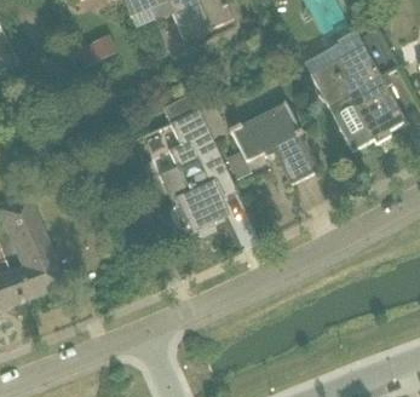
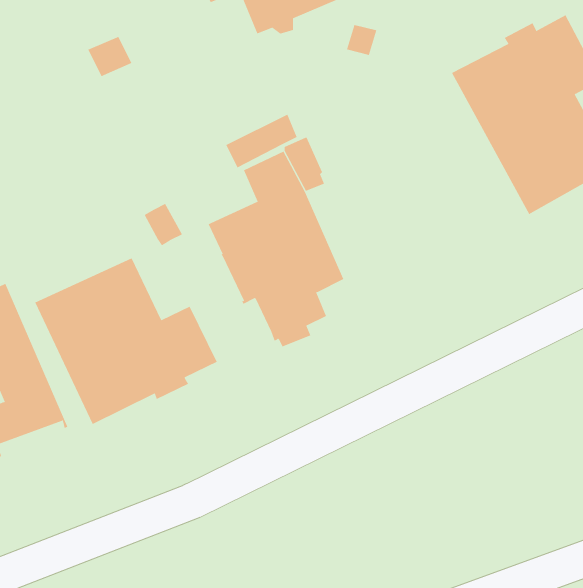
building: [231,102,316,183] -> none
building: none -> [35,258,218,425]

